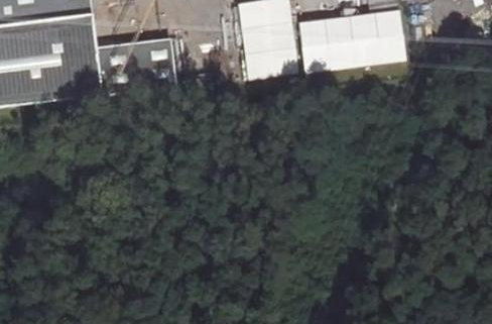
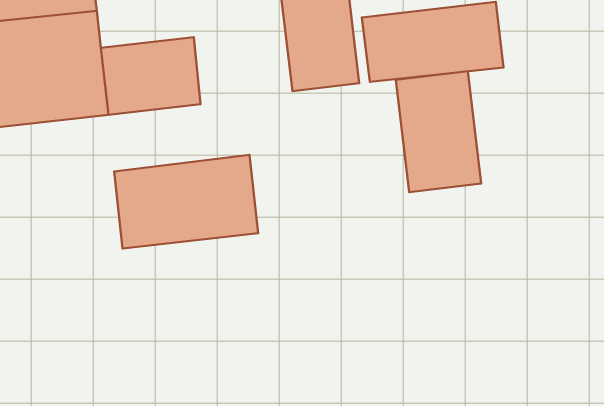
building: none -> [396,71,481,192]
building: none -> [114,155,258,249]

